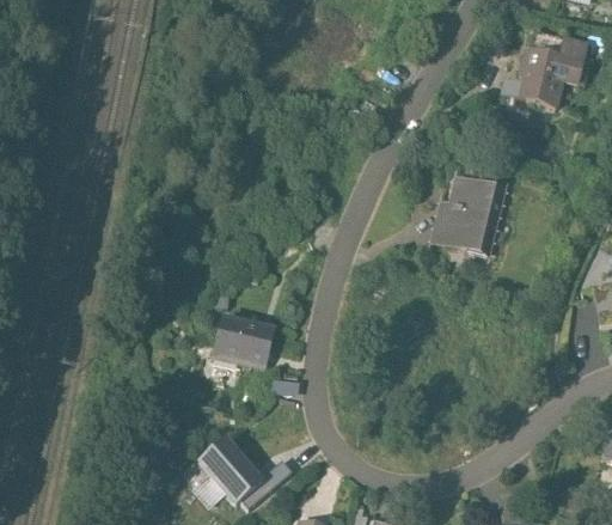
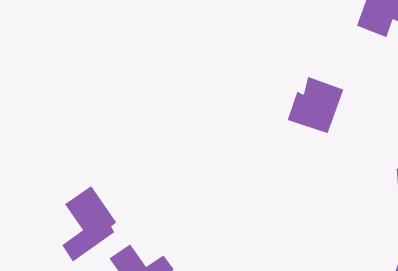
building: [212,309,277,366] -> none
building: none -> [62,185,117,262]

